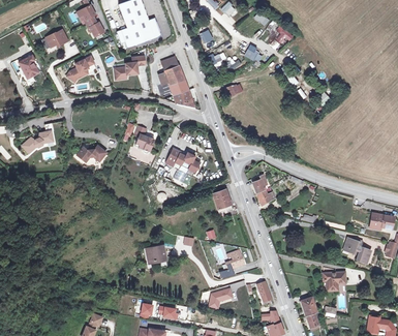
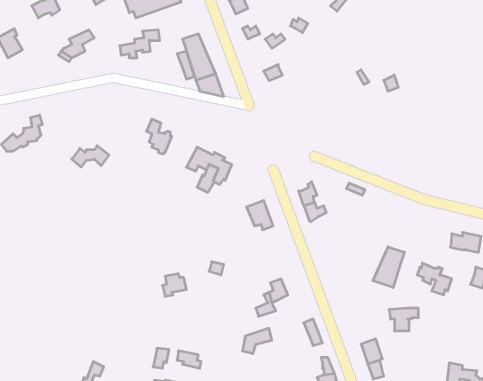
building: none -> [373,247,404,288]

